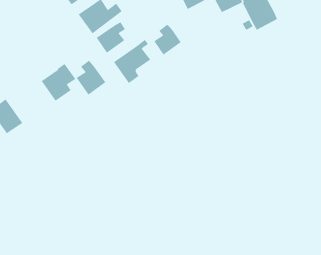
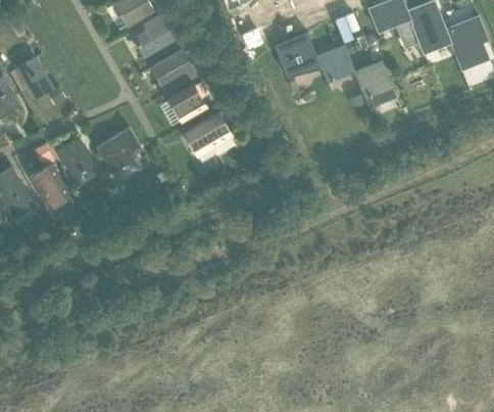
building: [153,24,182,56] -> none
building: [76,60,106,96] -> none
building: none -> [57,139,94,177]

